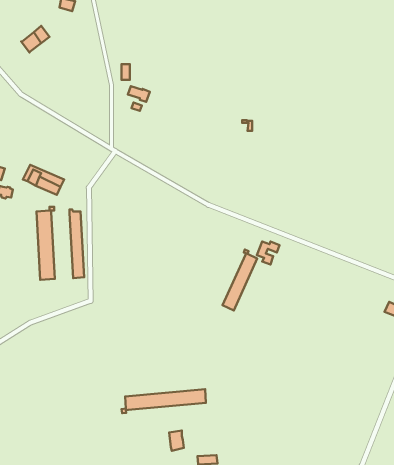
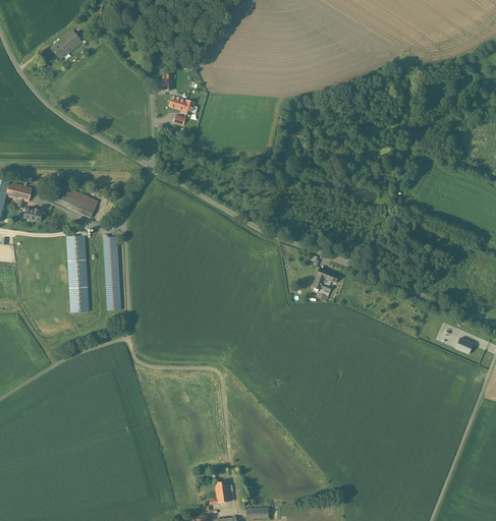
building: [223,250,257,311] -> none
building: [121,389,206,413] -> none

